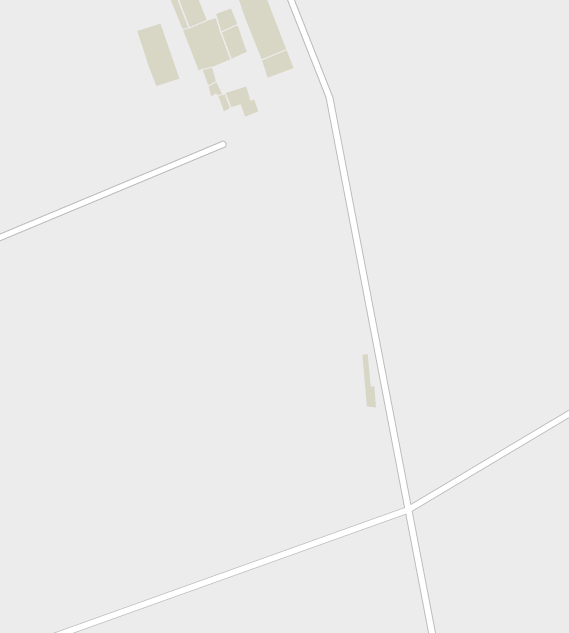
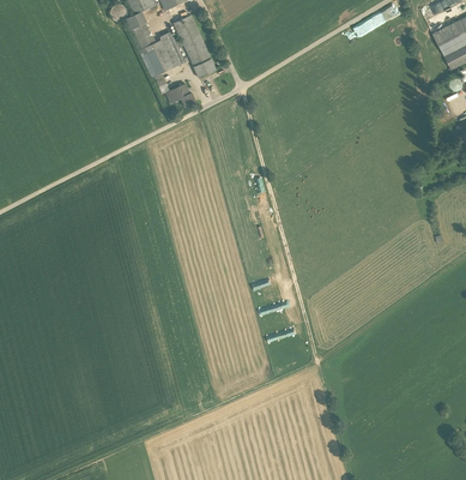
building: [137,23,180,87] -> none

